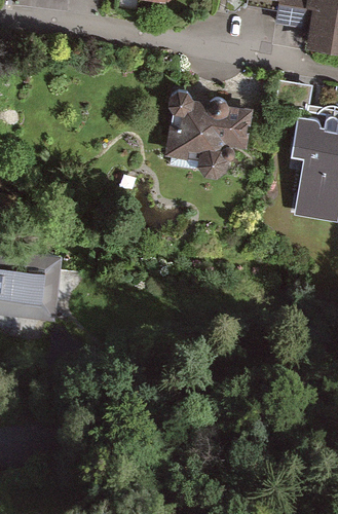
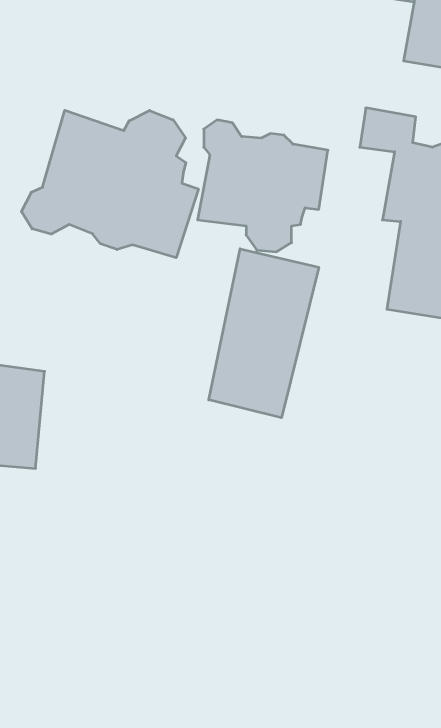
building: none -> [21,110,198,258]
building: none -> [209,249,319,418]

